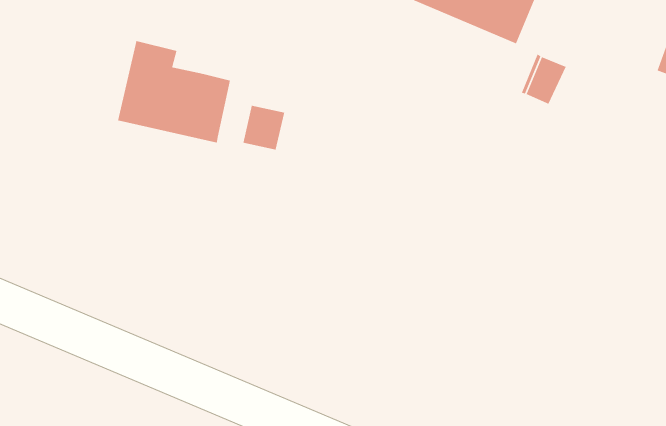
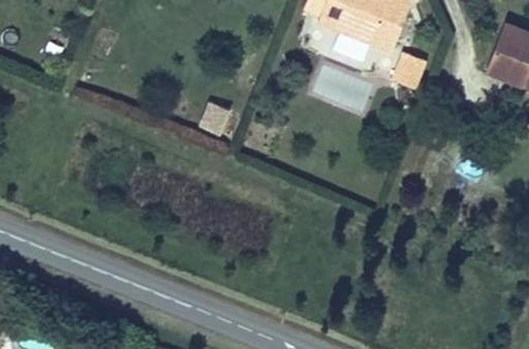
building: [117,40,231,143] -> none

